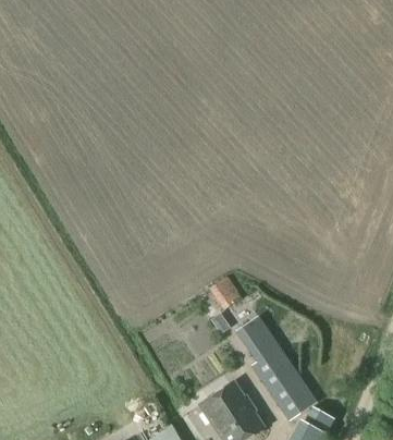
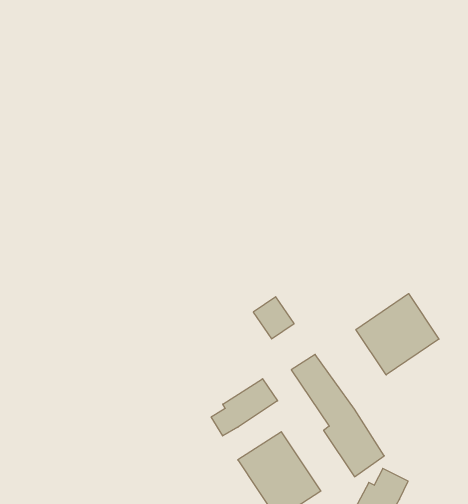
building: none -> [356,294,439,375]
building: none -> [211,379,278,436]

